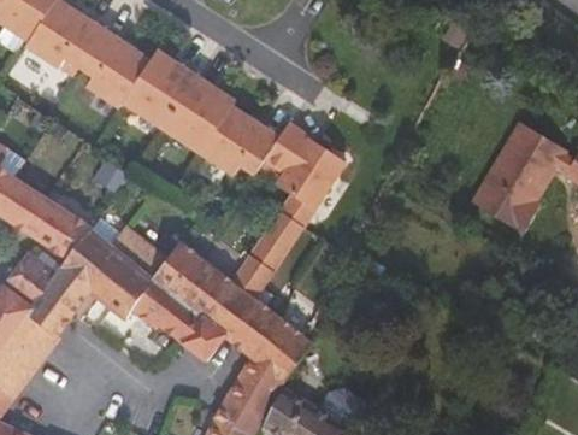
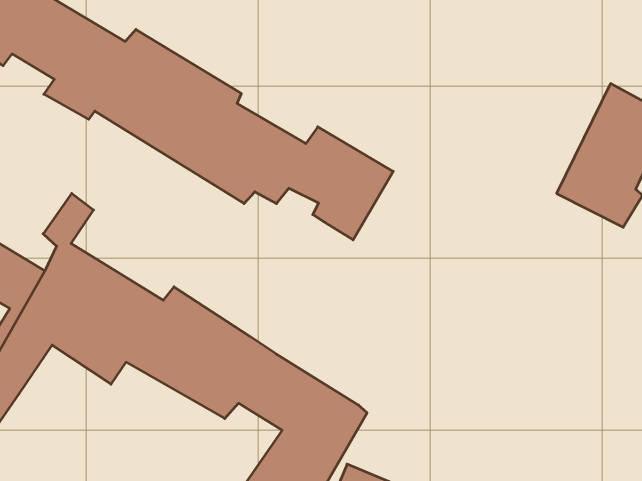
building: [231,204,312,300] -> none

